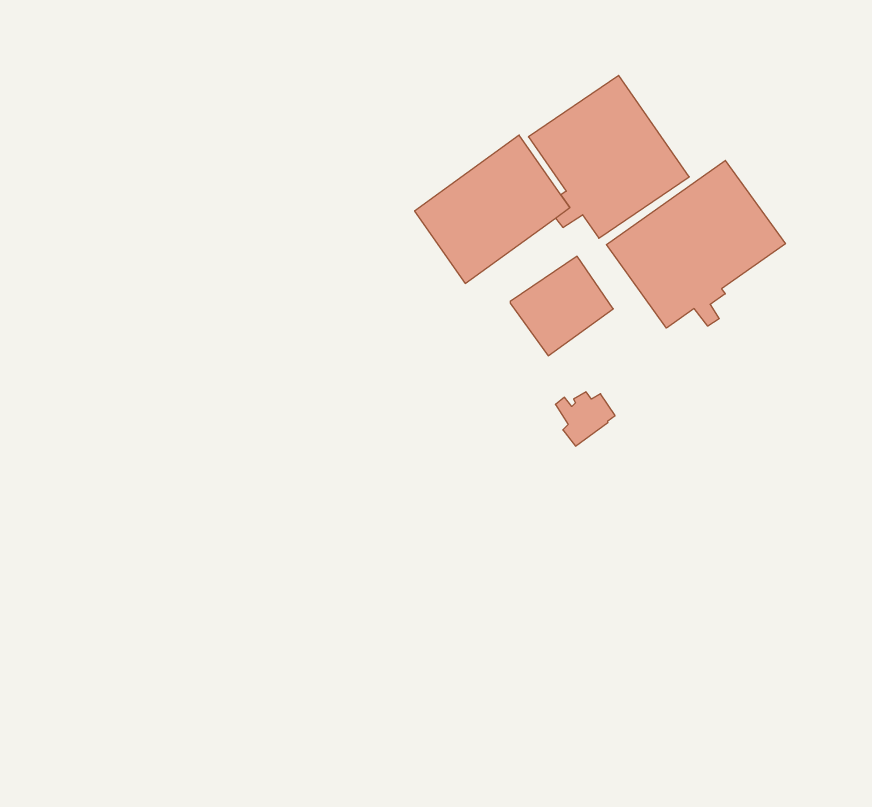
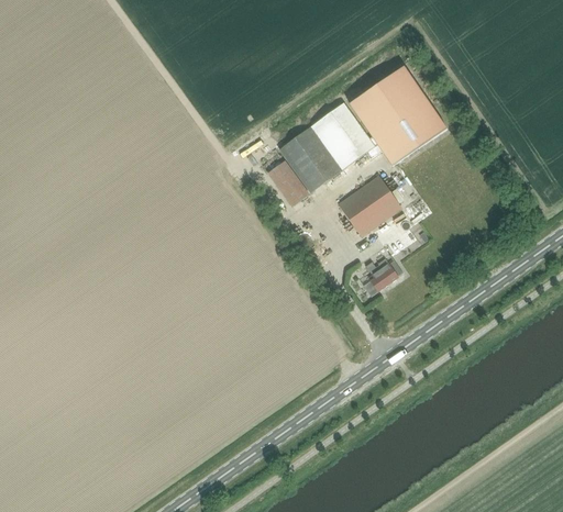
building: [606,160,785,328] -> none
building: none -> [266,159,308,205]

